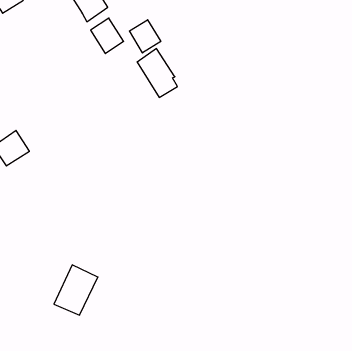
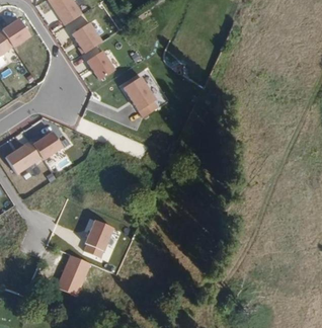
building: [129,20,161,53] -> none
building: none -> [32,131,62,158]
building: none -> [83,220,114,257]

